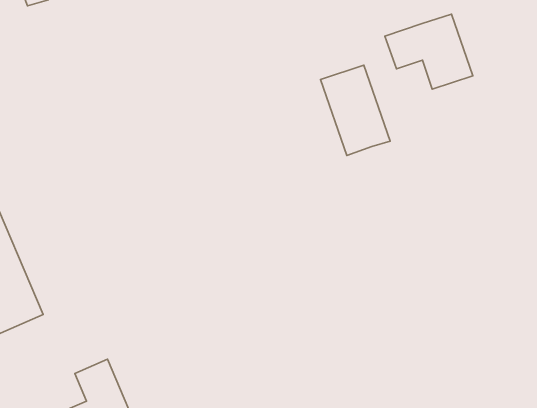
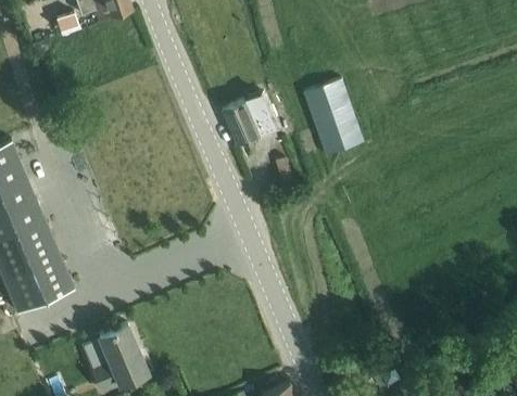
building: [385,14,473,89] -> none
building: none -> [222,91,280,144]

